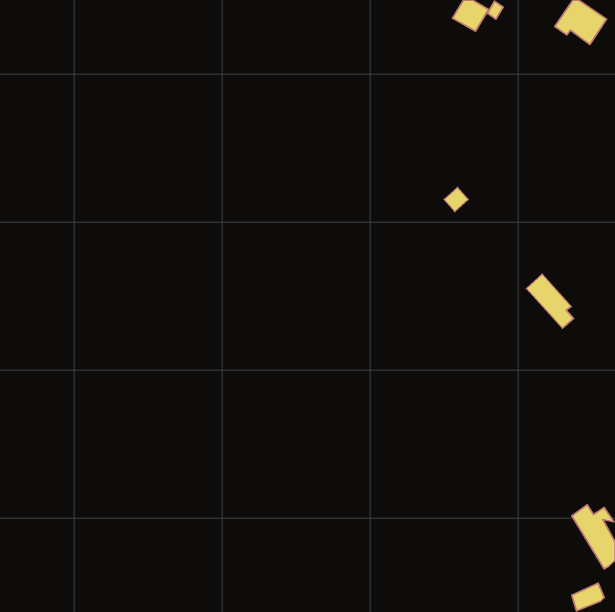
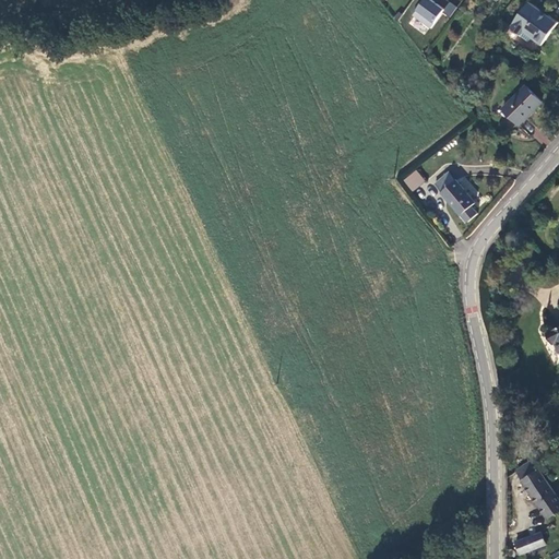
building: none -> [504,82,540,122]
building: [527,274,573,328] -> [435,174,477,223]

